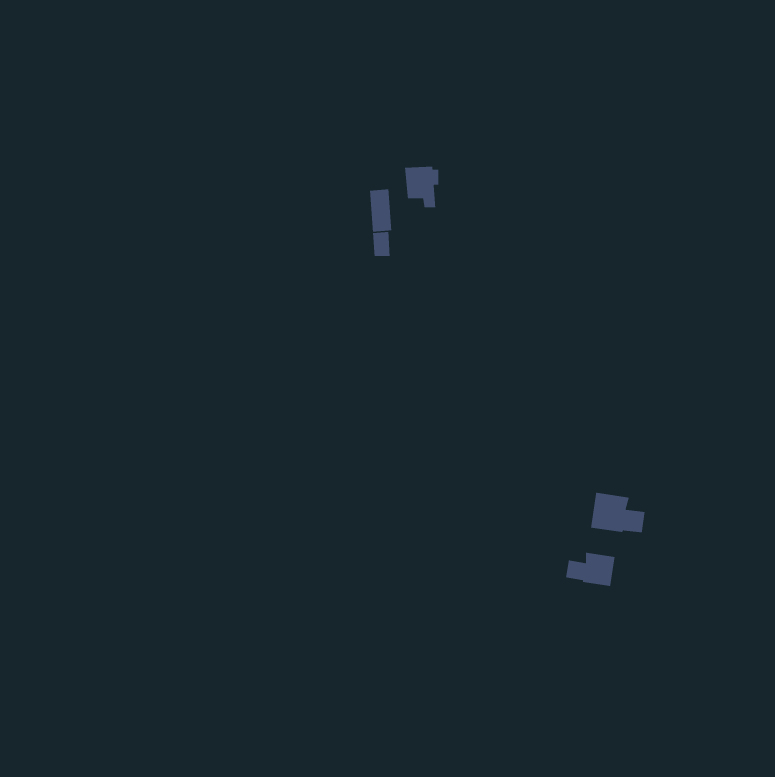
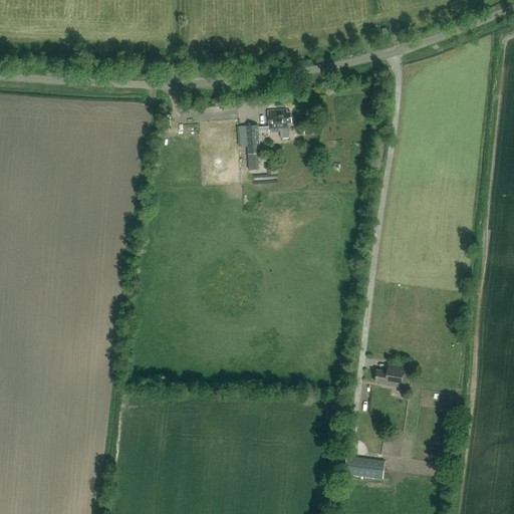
building: [590,492,646,533] -> none
building: none -> [350,457,375,478]

